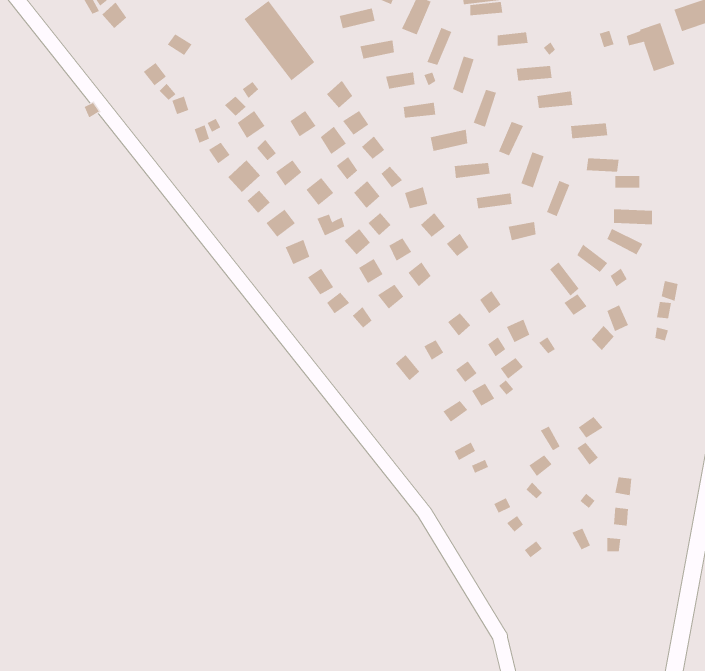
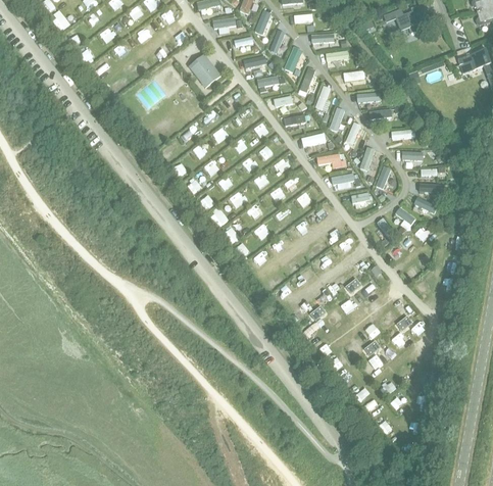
building: [626,22,675,72] -> none

